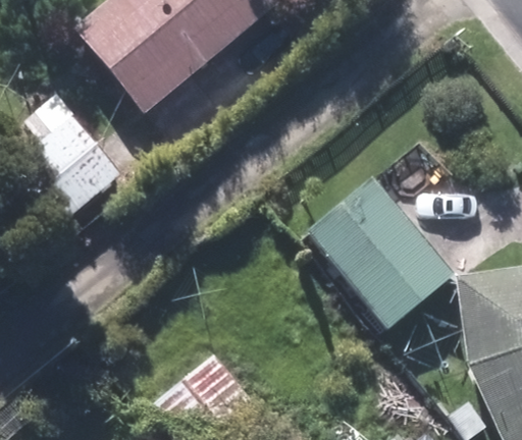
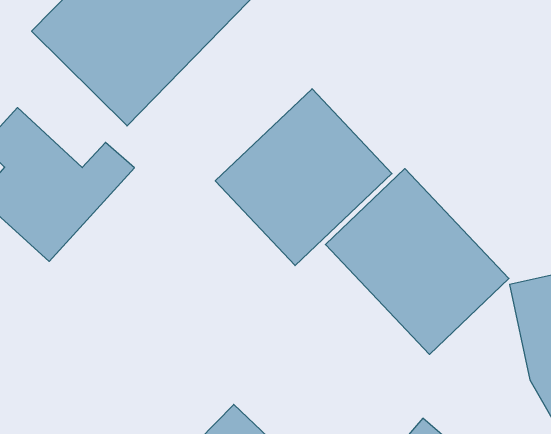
building: none -> [215,89,392,266]

